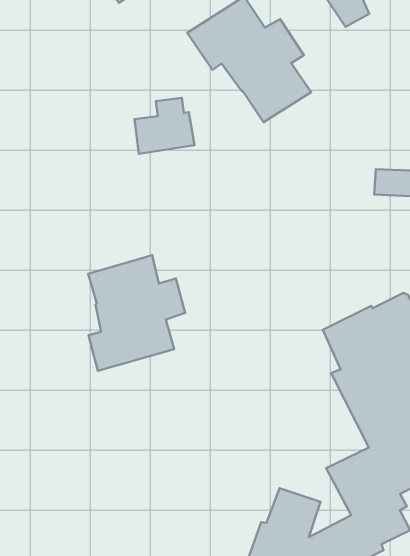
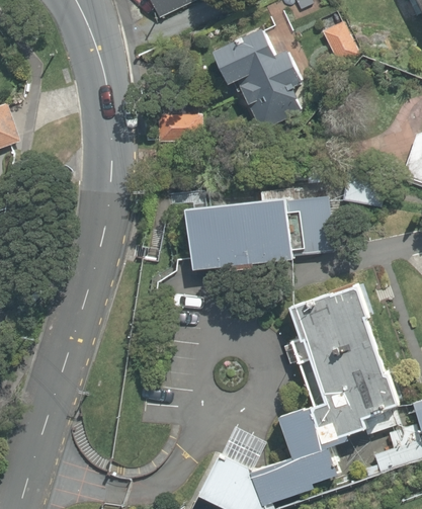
building: none -> [182,188,337,269]
building: [88,255,185,371] -> none

